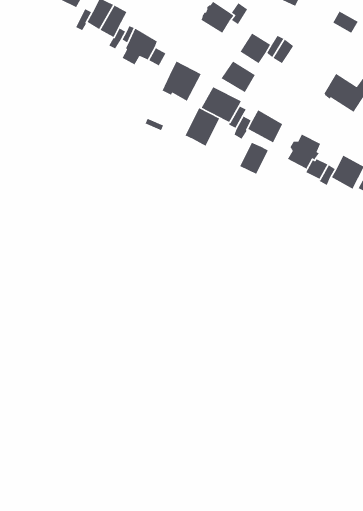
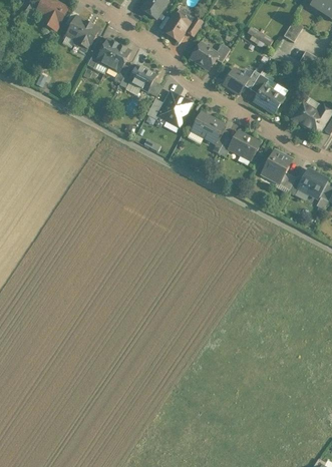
building: [221,60,256,93] -> [254,85,283,112]
building: [184,107,220,147] -> none
building: [239,142,269,175] -> none

